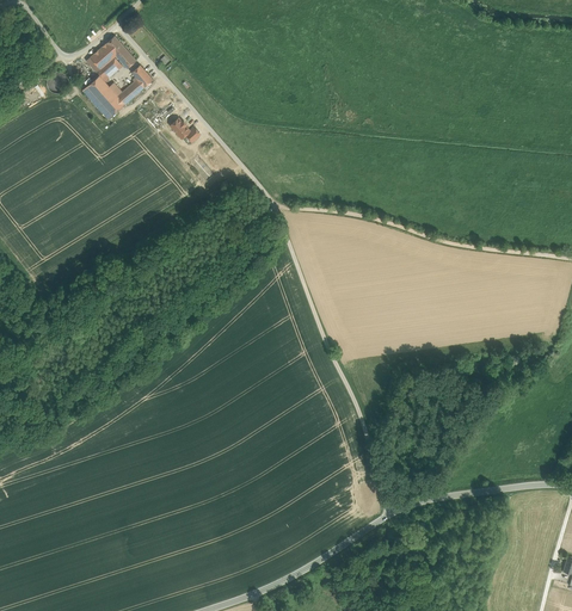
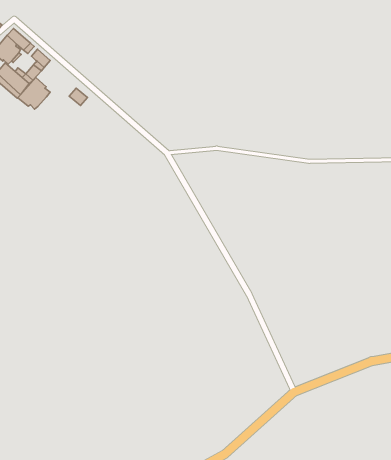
building: none -> [18,78,50,109]

